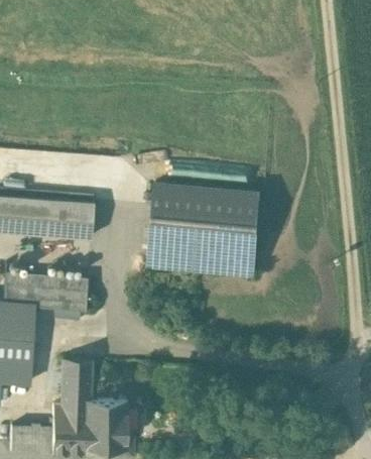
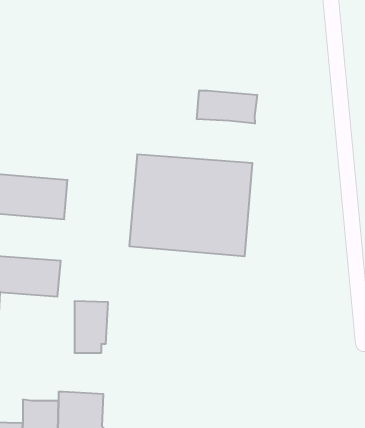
building: none -> [197,90,257,124]
building: [60,359,91,406] -> [74,301,108,353]

